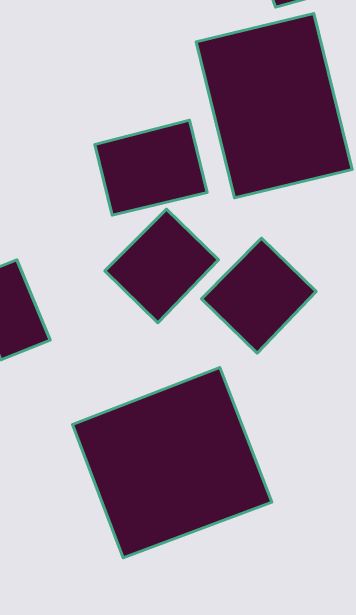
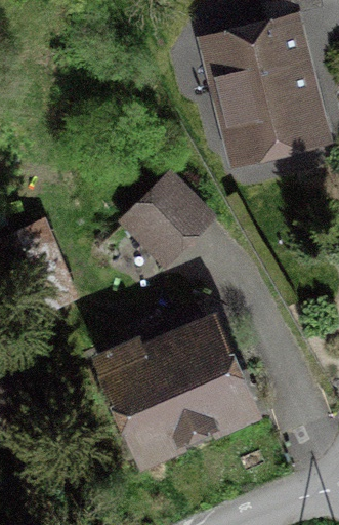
building: [95,120,207,215] -> none
building: [202,238,316,353] -> none

